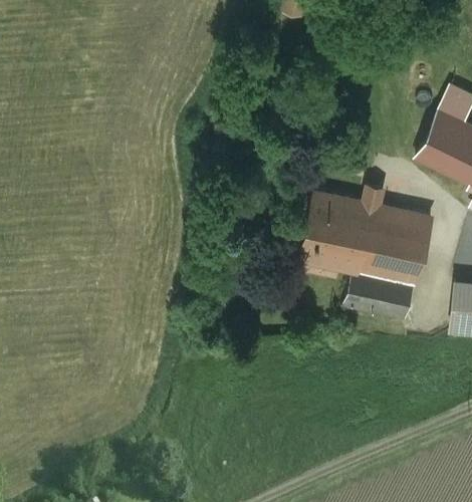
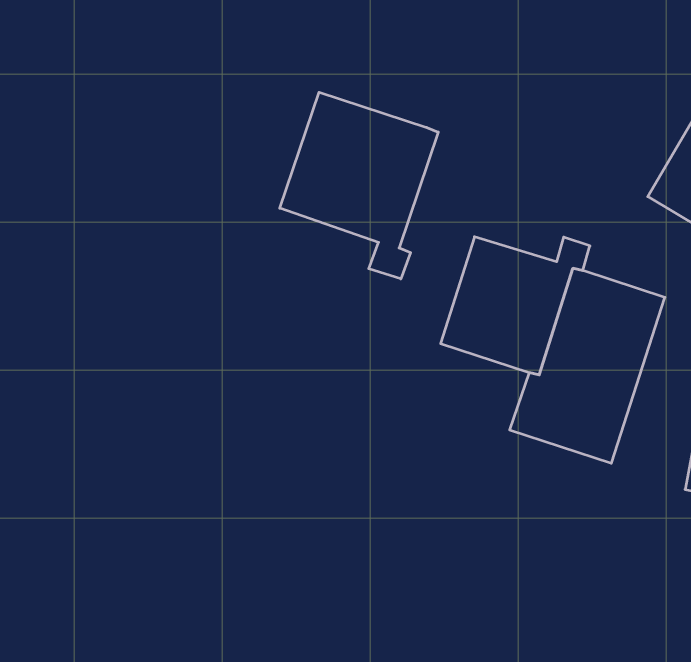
building: none -> [280,92,438,279]

